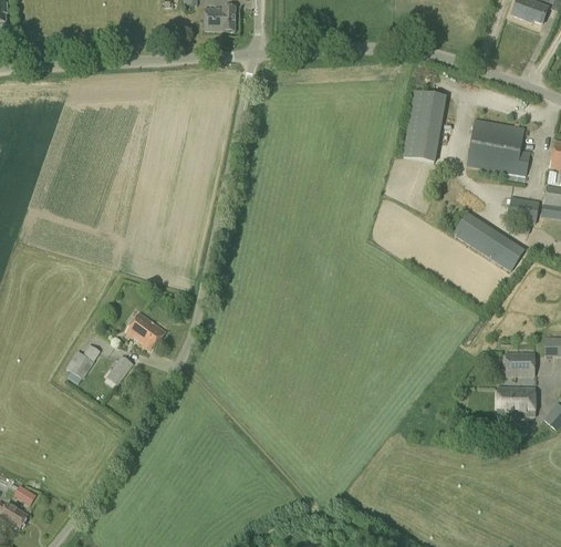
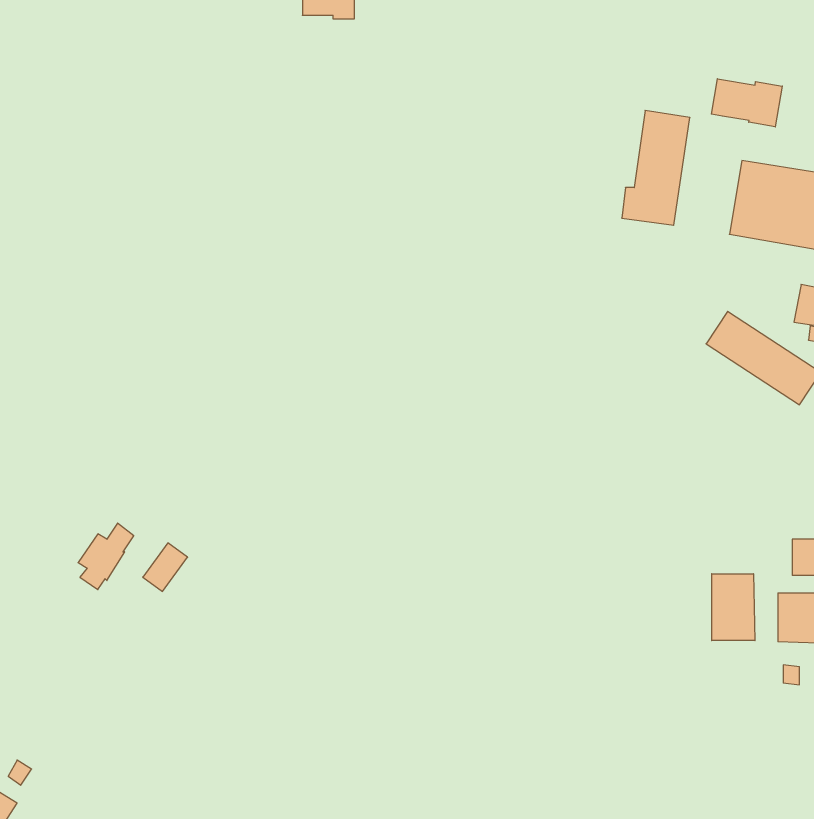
building: none -> [711,79,782,127]
building: [126,311,166,349] -> none
building: none -> [712,574,755,641]

